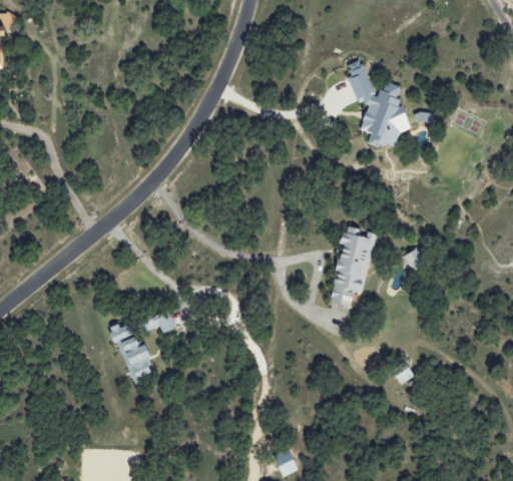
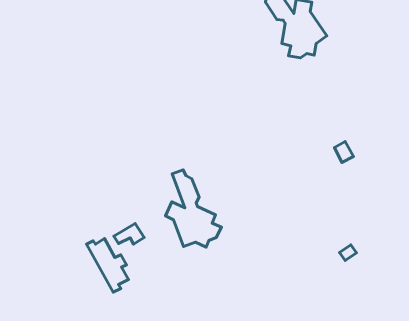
building: [329,226,376,307] -> none
building: none -> [165,170,222,247]

